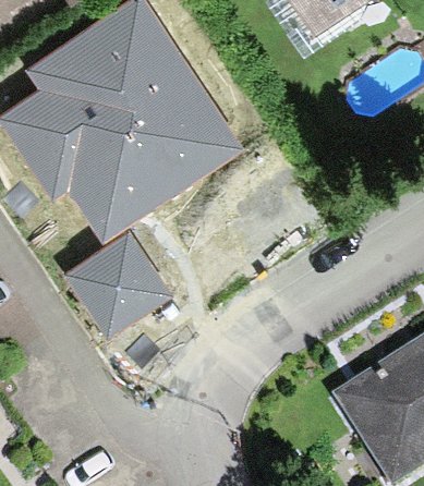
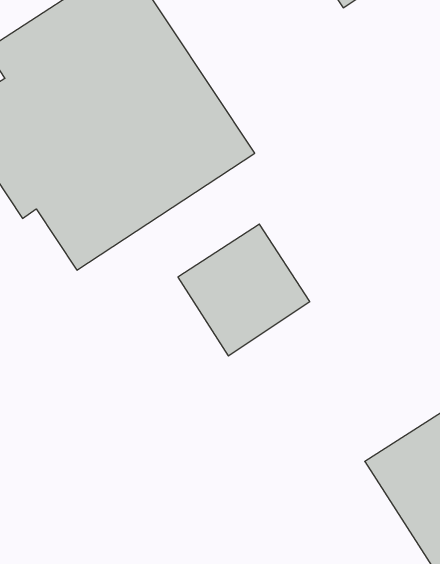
building: [66,231,172,337] -> [178,224,310,356]

